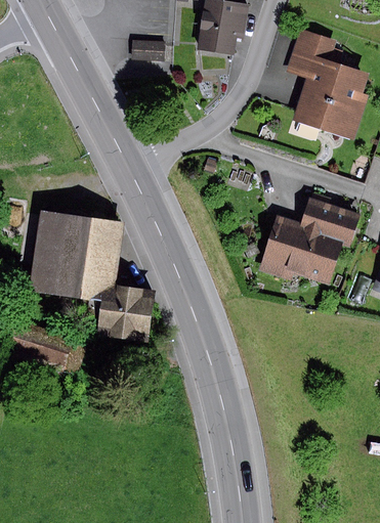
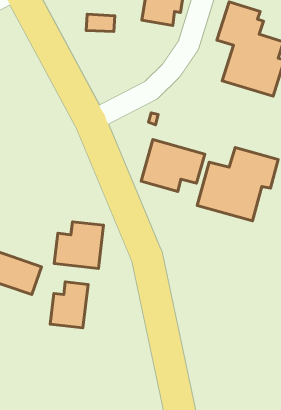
building: none -> [141,140,205,191]
building: [36,214,122,301] -> none
building: none -> [50,282,88,328]

